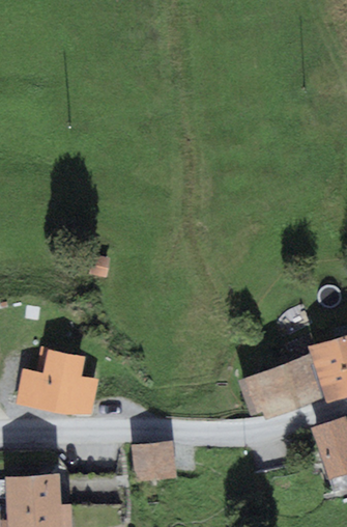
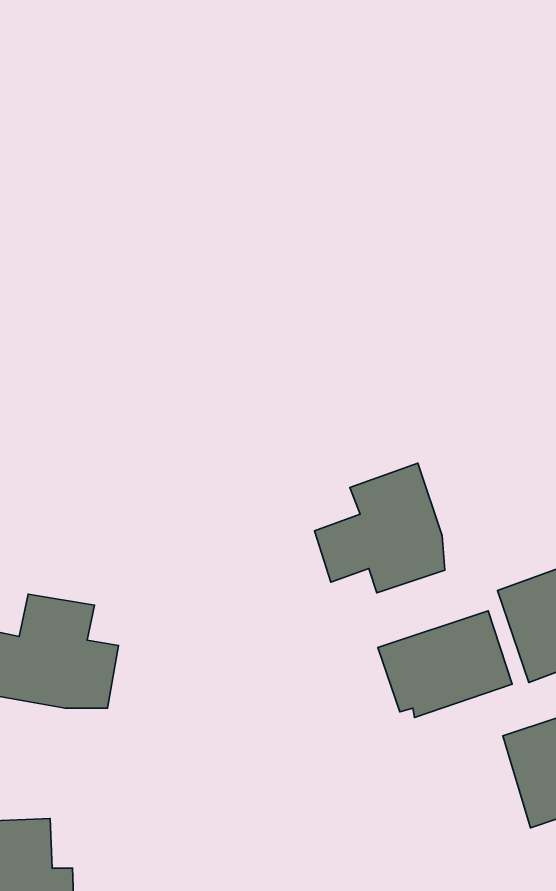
building: none -> [314,463,445,593]
building: [129,441,175,481] -> none

